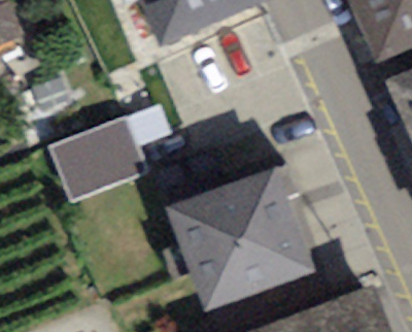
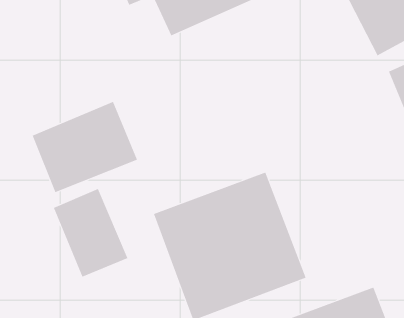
building: none -> [53,188,128,278]

